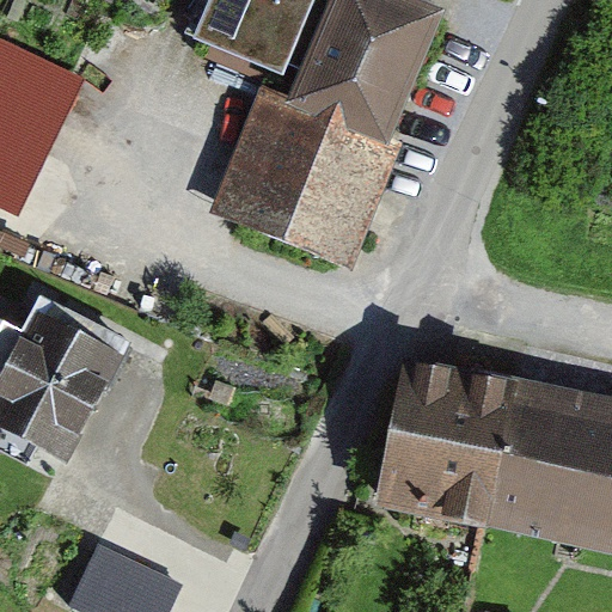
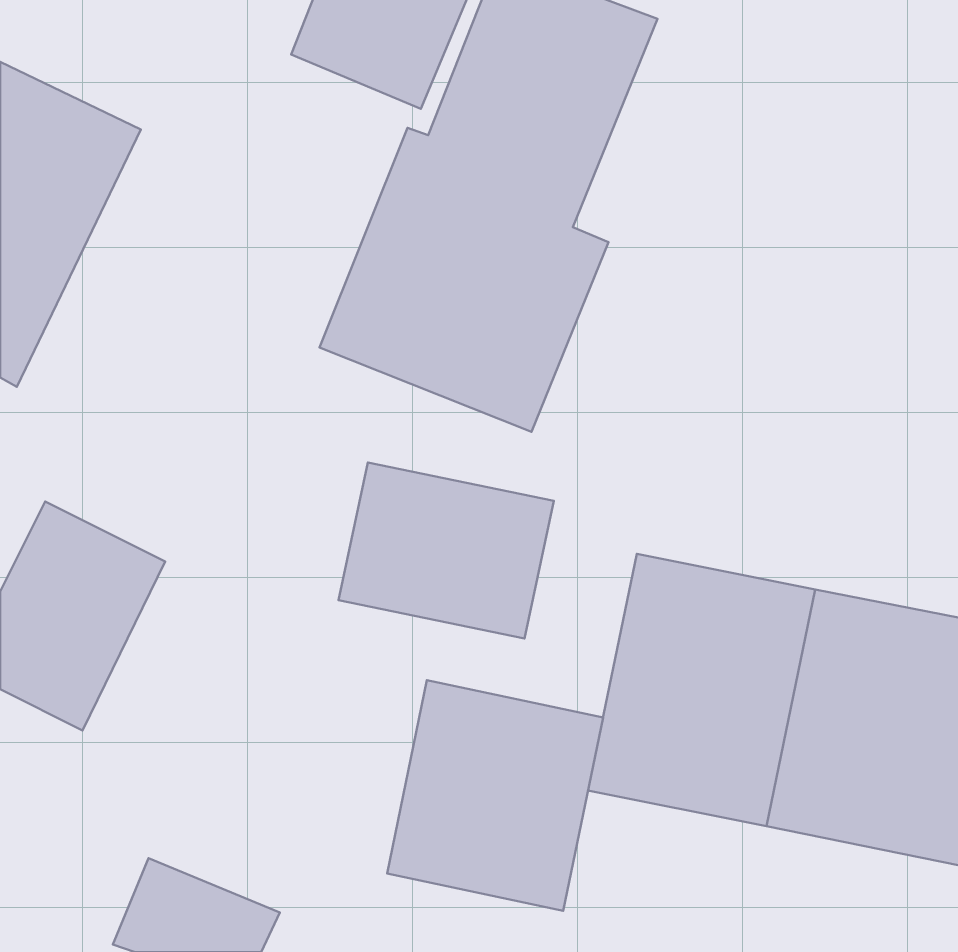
building: none -> [339,463,554,638]
building: none -> [387,680,603,911]

